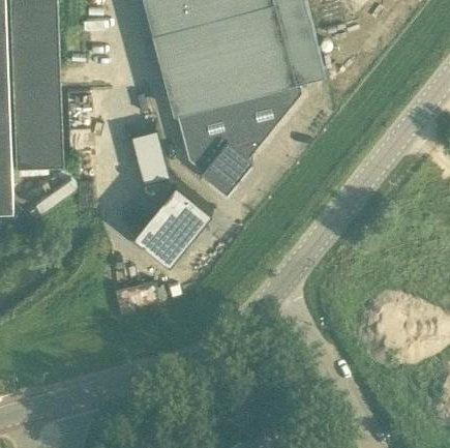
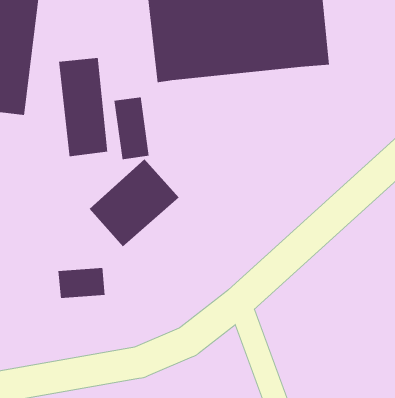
building: [187,80,302,193] -> none
building: none -> [58,57,108,157]

